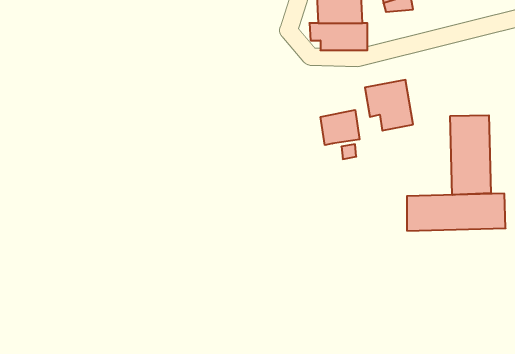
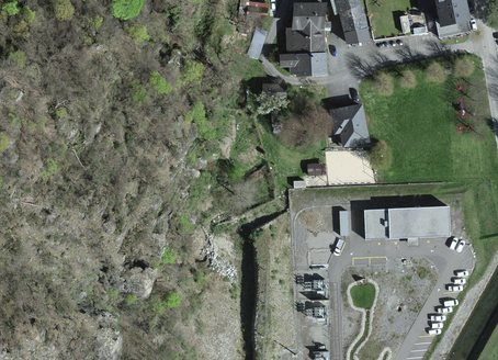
building: [321,110,360,145] -> none
building: [450,115,491,195] -> none

